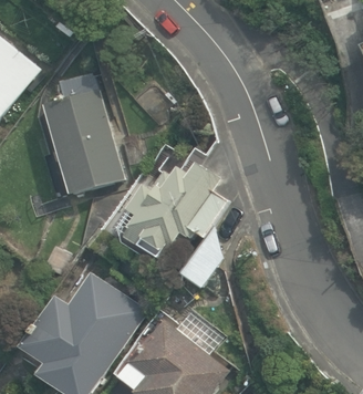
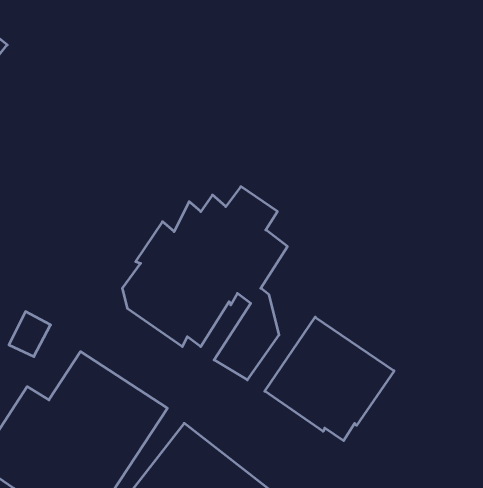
building: [44,73,124,195] -> none
building: none -> [265,317,394,441]

